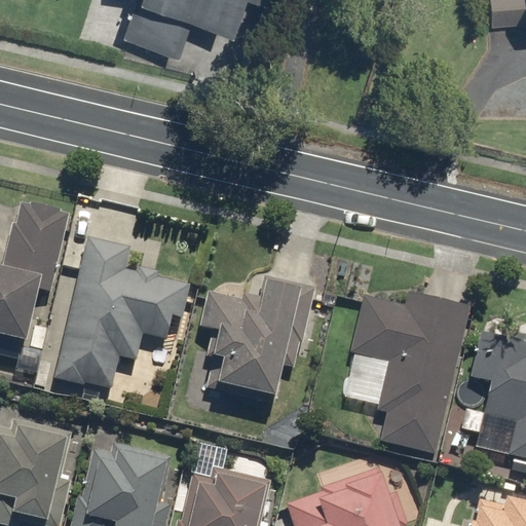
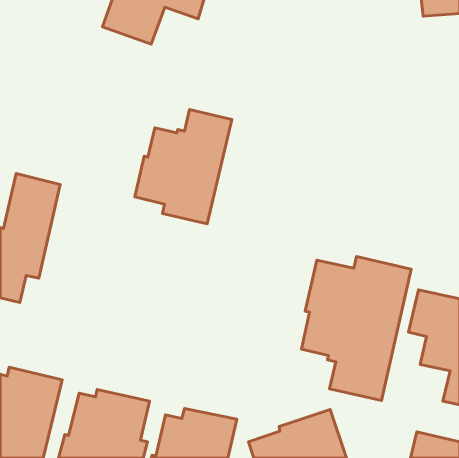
building: none -> [135,110,232,224]
building: [51,237,190,396] -> none
building: [197,276,315,409] -> none

